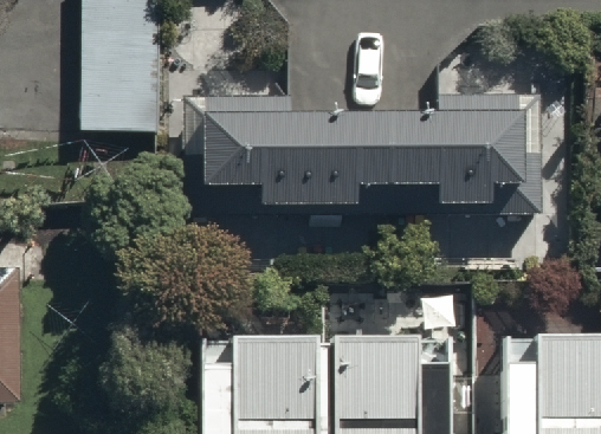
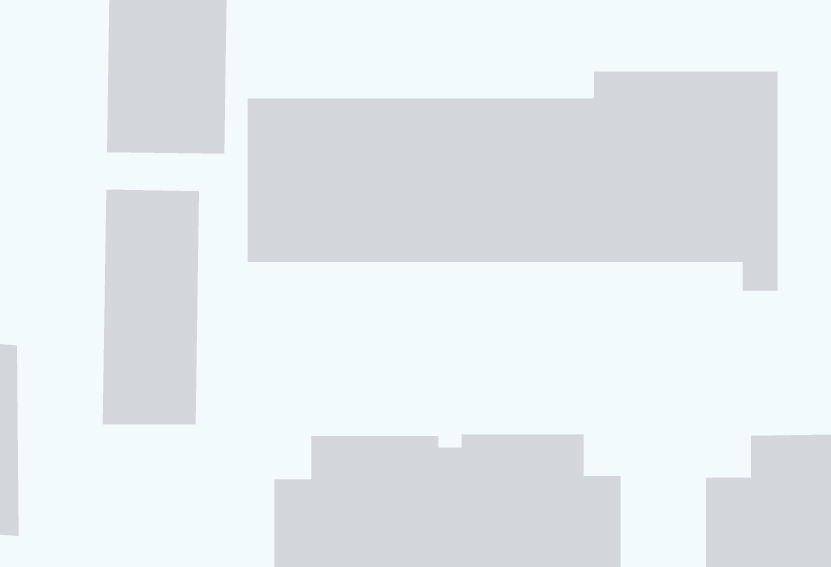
building: none -> [102,189,200,425]

